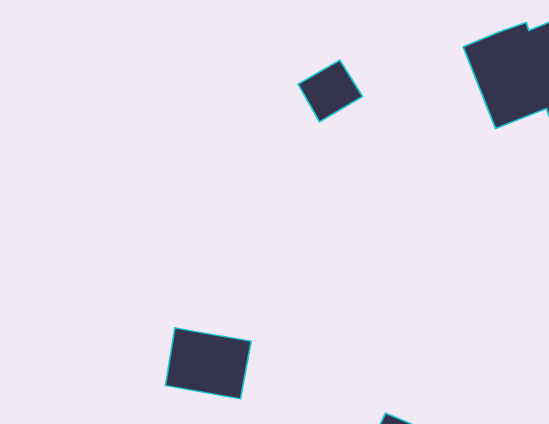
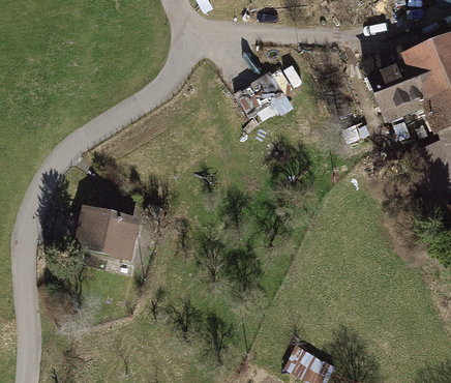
building: [165,328,251,399] -> [77,205,143,260]

